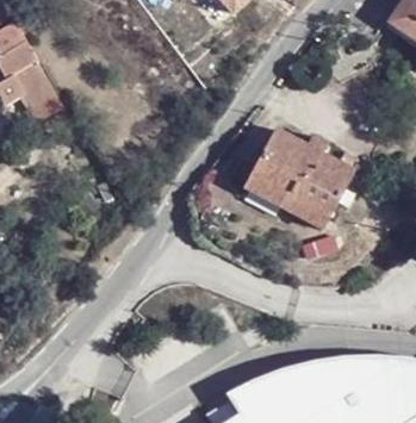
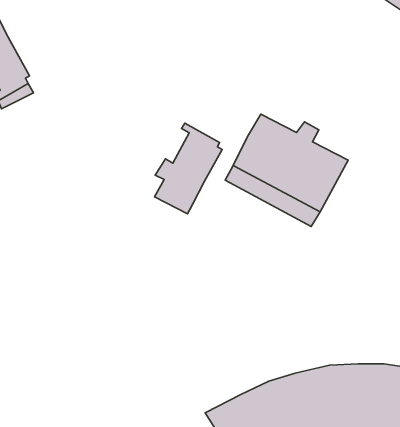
building: none -> [154,123,222,214]

